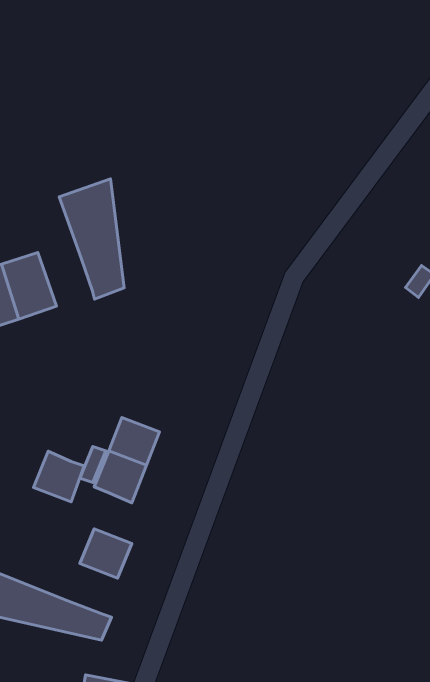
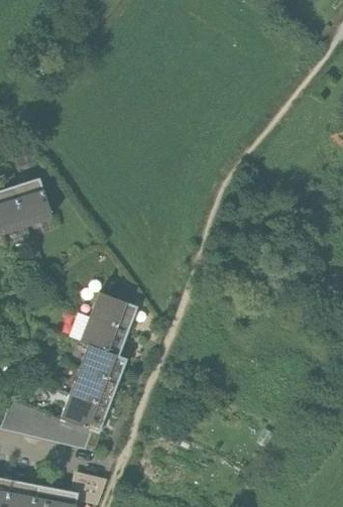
building: [59,179,124,299] -> none
building: [34,451,84,502] -> [82,345,117,380]
building: none -> [62,394,98,429]

